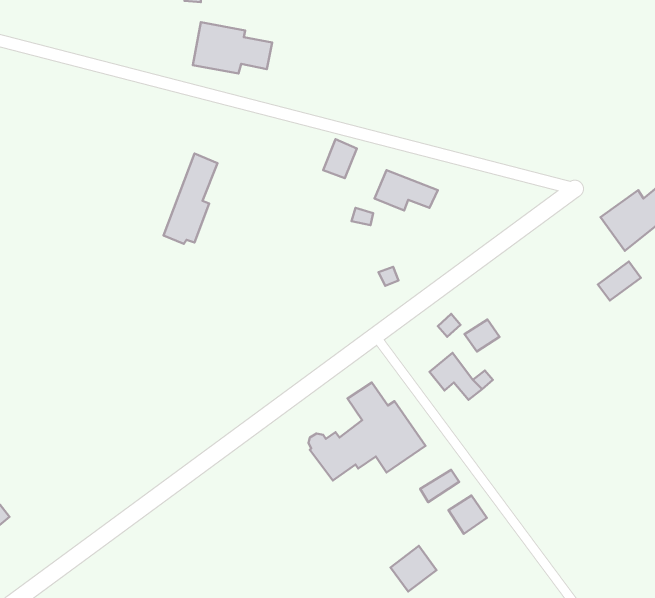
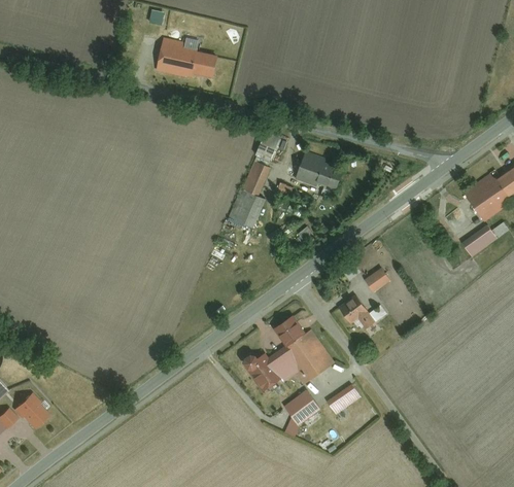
building: [164,154,217,244] -> [230,162,271,231]
building: none -> [15,394,49,429]
building: [448,495,487,534] -> none
building: [391,546,436,592] -> [284,392,319,427]

